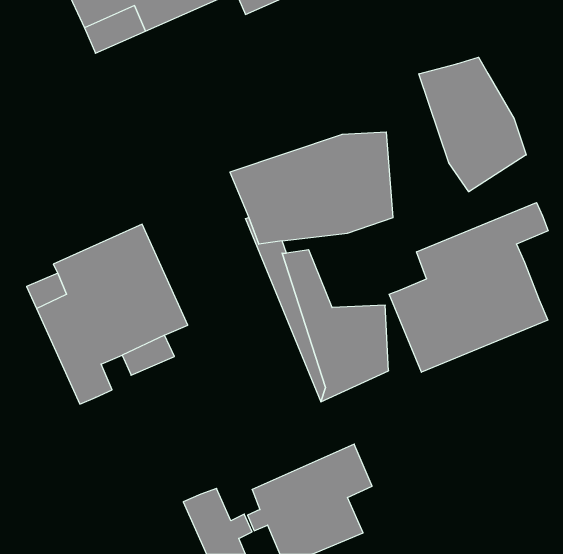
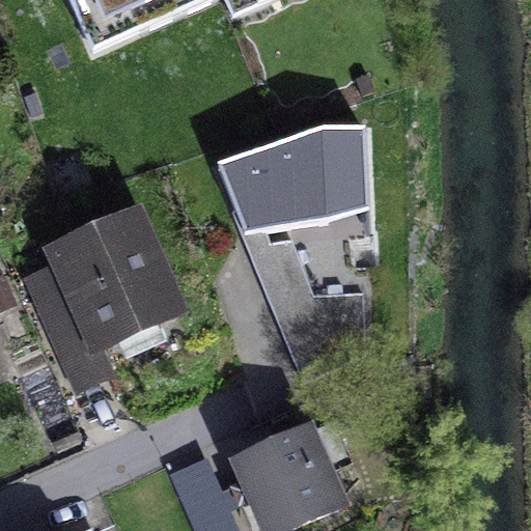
building: [419,57,526,192] -> none
building: [389,203,548,372] -> none

